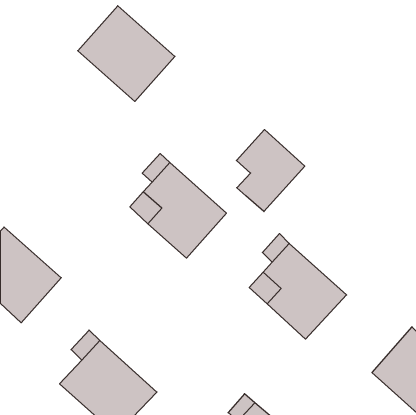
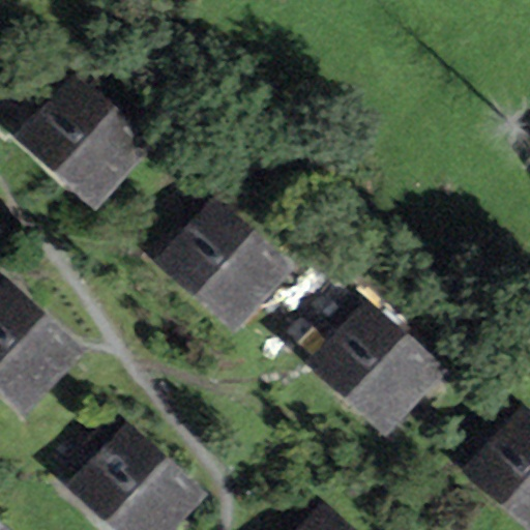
building: [78,6,175,101] -> [26,85,149,206]
building: [236,130,305,212] -> none

